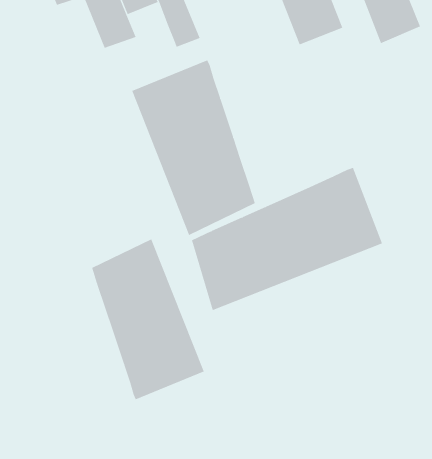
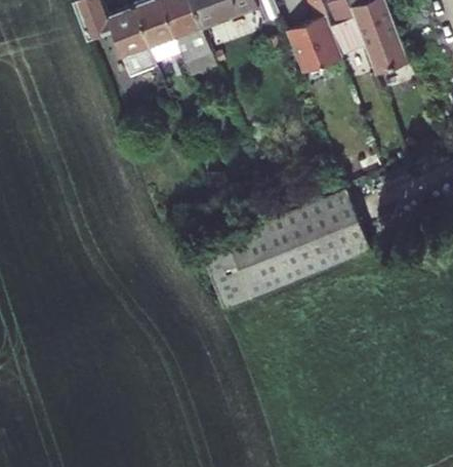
building: [132,60,255,236] -> none
building: [91,238,204,400] -> none

